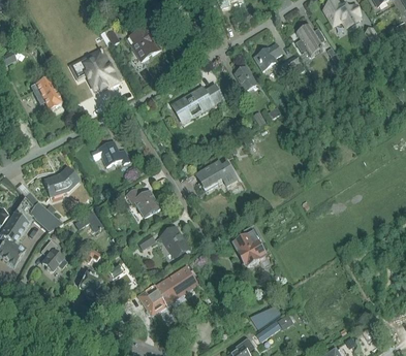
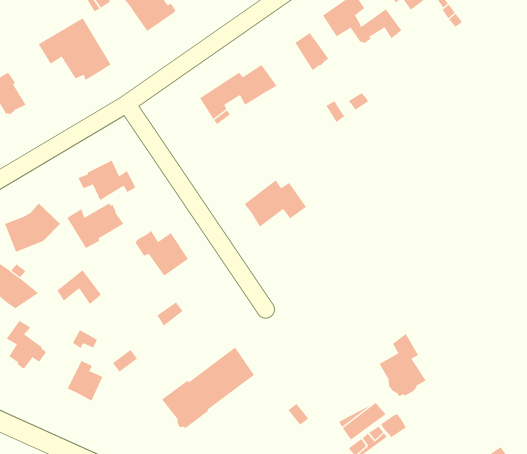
building: none -> [66,202,124,249]
building: [235,225,264,265] -> [379,333,427,397]
building: [161,227,189,256] -> none

